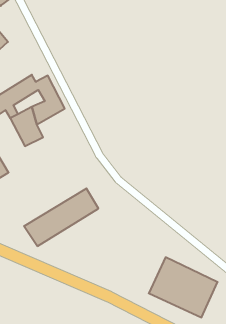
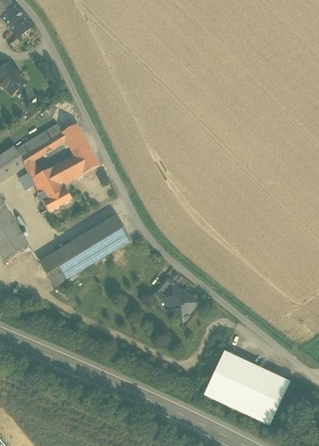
building: [24,188,98,246] -> [38,214,131,286]
building: none -> [154,277,198,322]

